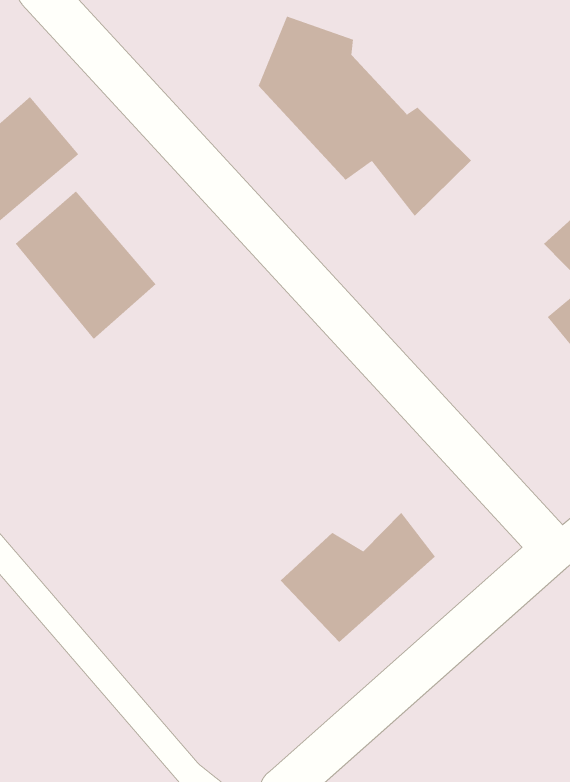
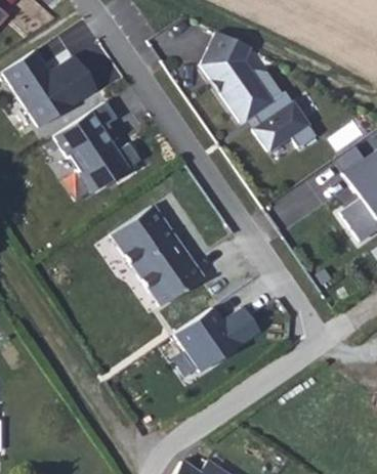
building: none -> [114,205,204,305]

